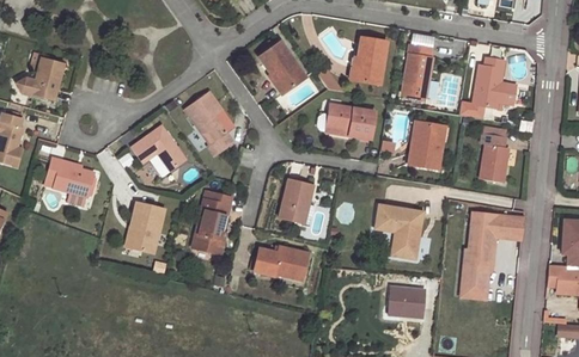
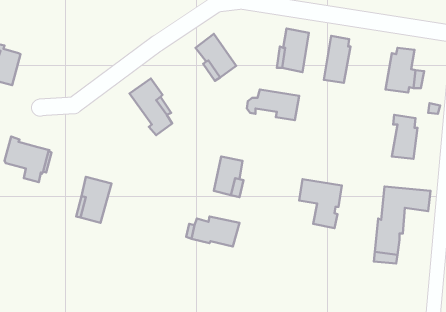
building: [409,122,445,168] -> none
building: [133,125,185,174] -> none
building: [193,191,232,254] -> none
building: [389,285,425,316] -> none

